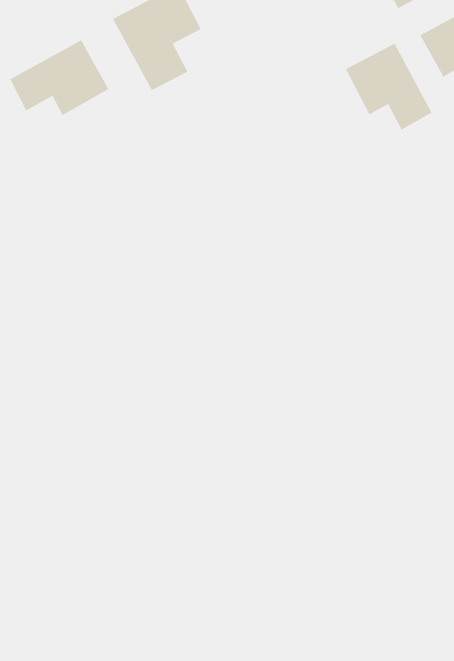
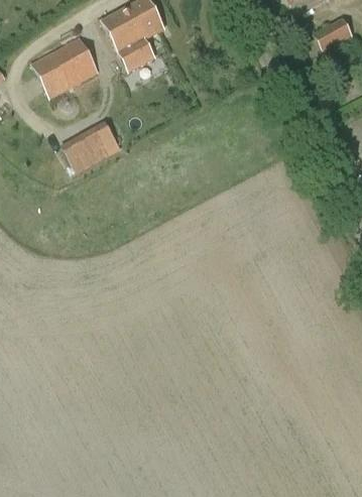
building: [345,43,432,131] -> none
building: none -> [67,119,127,169]

